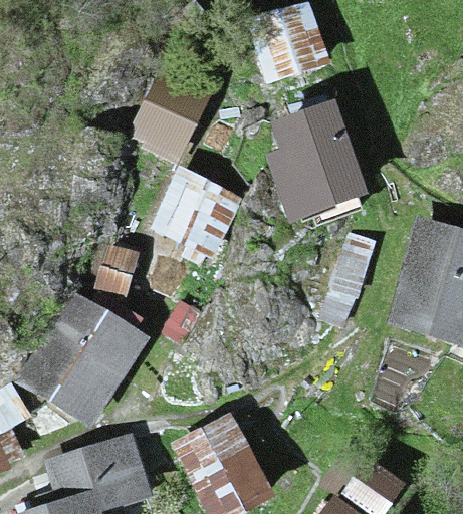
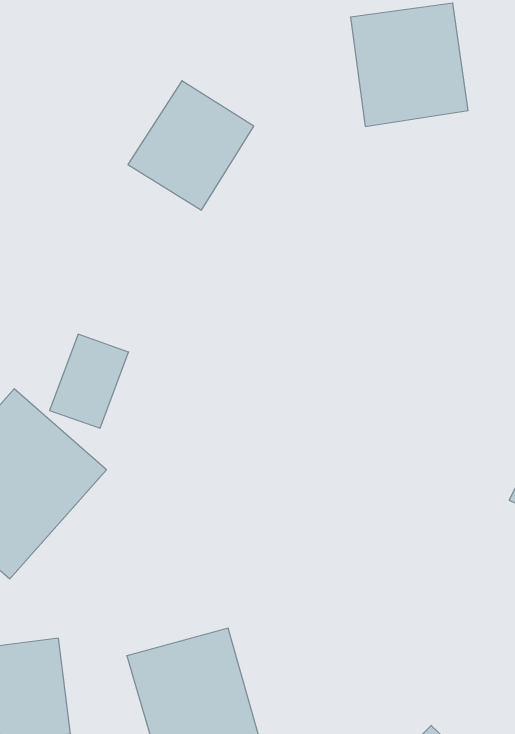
building: [273,98,362,206] -> none
building: [151,175,245,268] -> none

